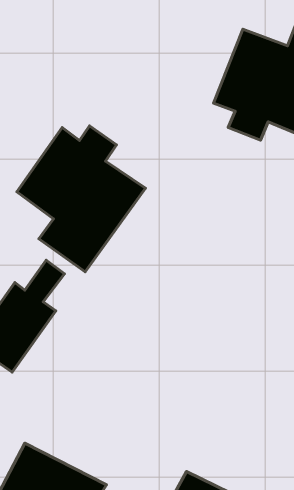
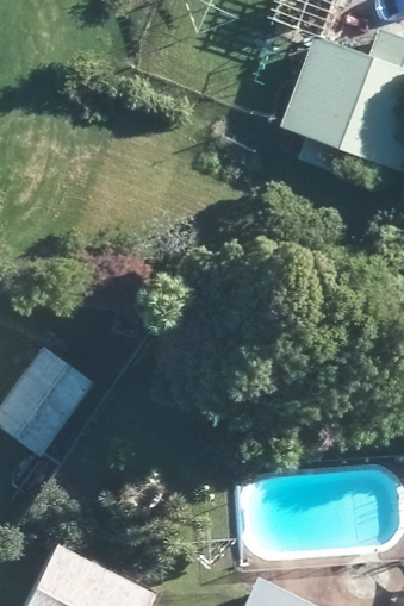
building: [17,126,146,272] -> none

